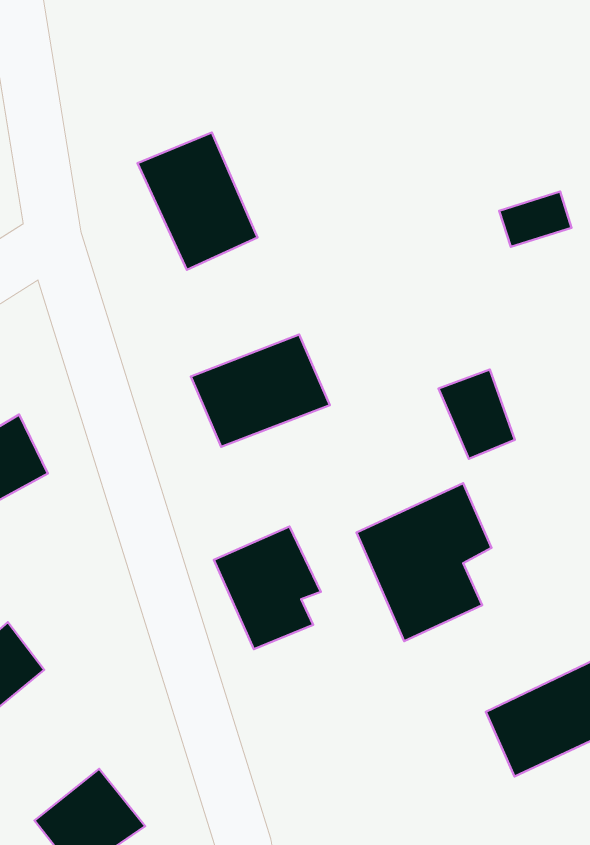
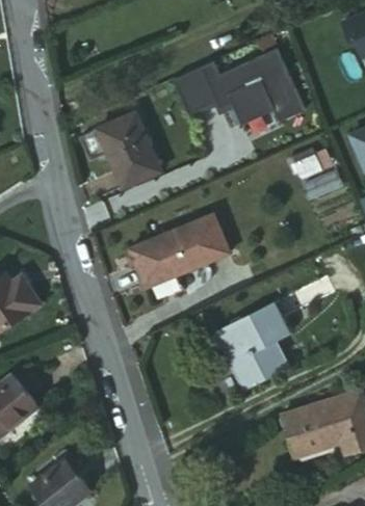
building: none -> [170,47,302,123]
building: [438,369,515,459] -> [184,214,226,263]
building: [214,526,321,649] -> none

